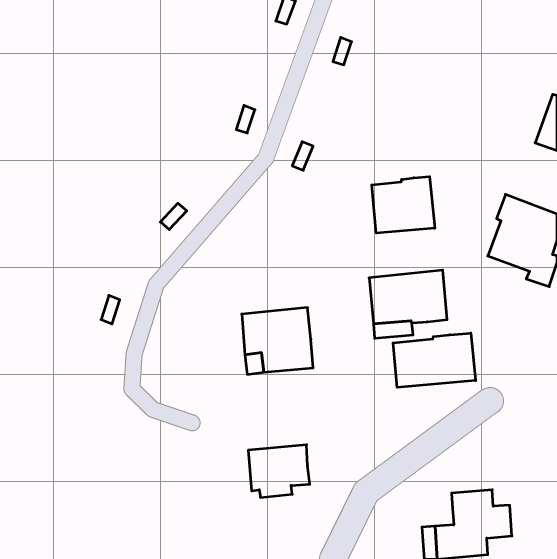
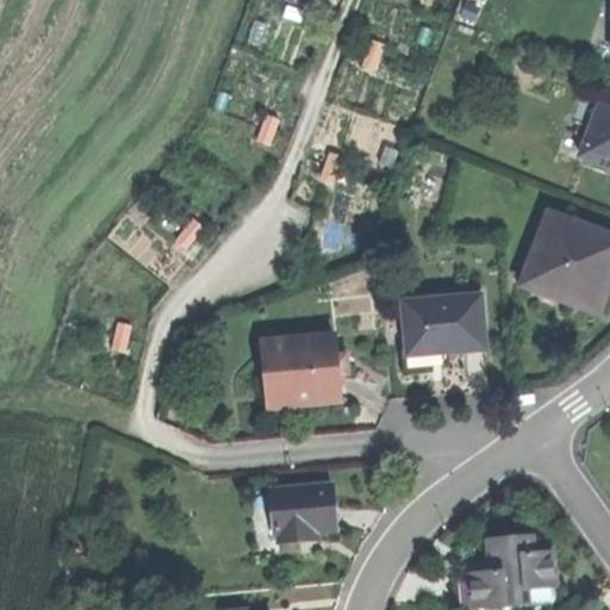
building: [372,177,435,233] -> none
building: [393,333,476,387] -> none

